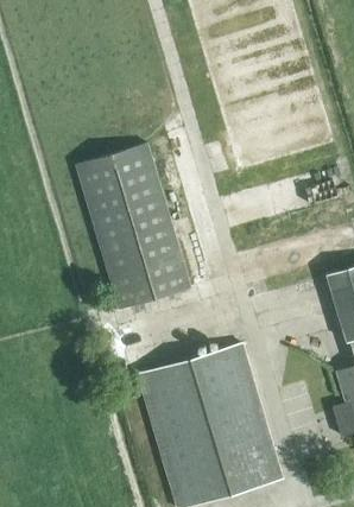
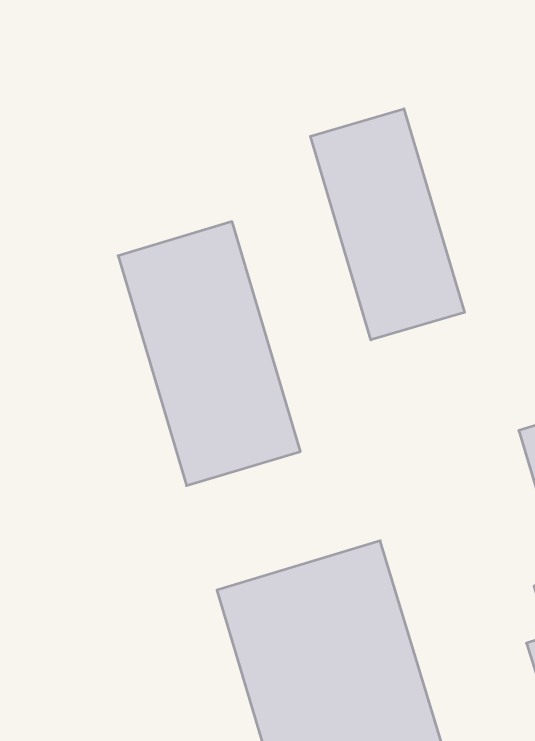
building: none -> [310,109,465,340]

